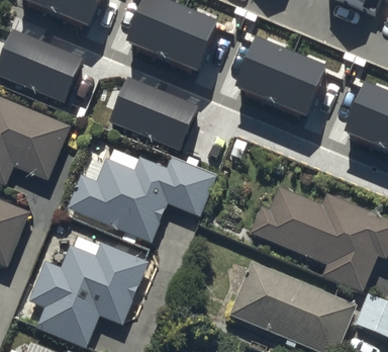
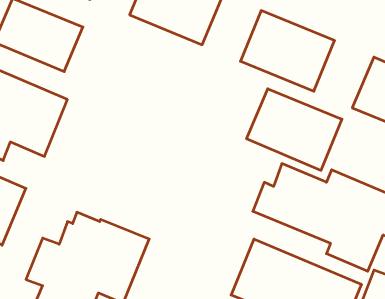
building: [110,76,197,147] -> none
building: none -> [247,89,342,170]
building: [67,148,216,243] -> none

